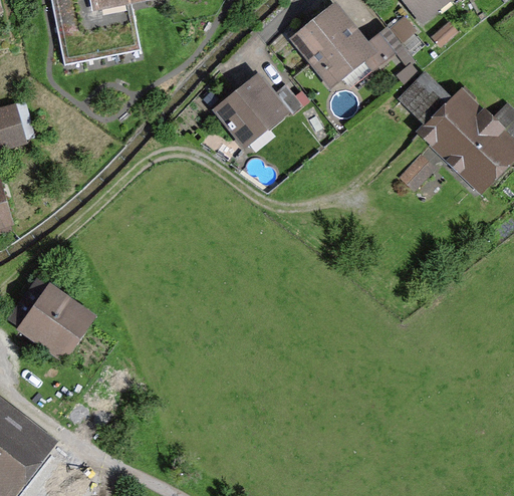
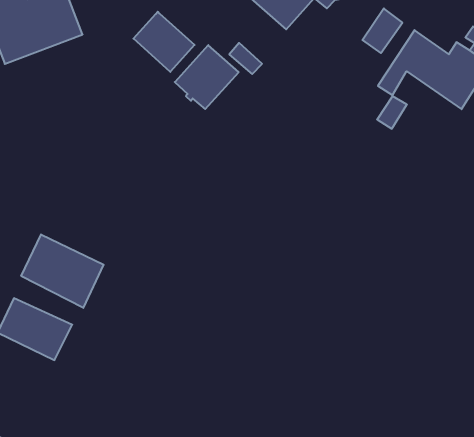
building: none -> [133,12,195,72]
building: none -> [21,234,104,308]

